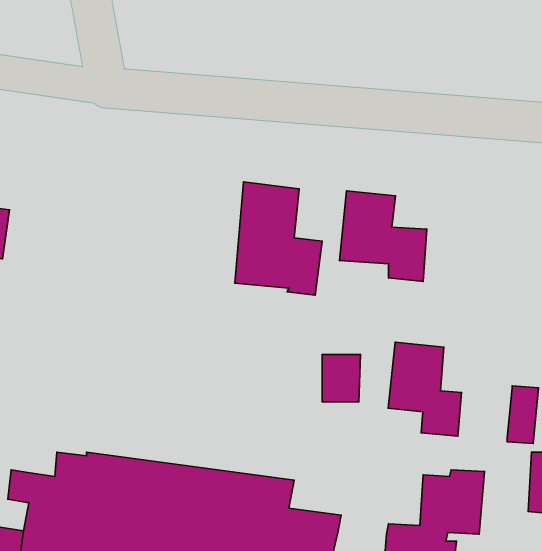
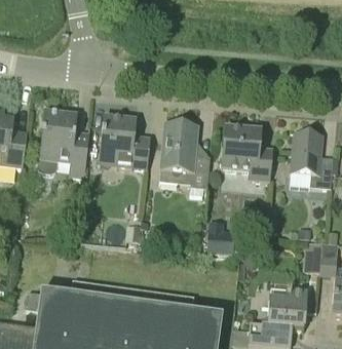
building: none -> [38,113,90,179]
building: none -> [101,119,150,170]
building: [388,342,461,436] -> [290,135,333,191]

